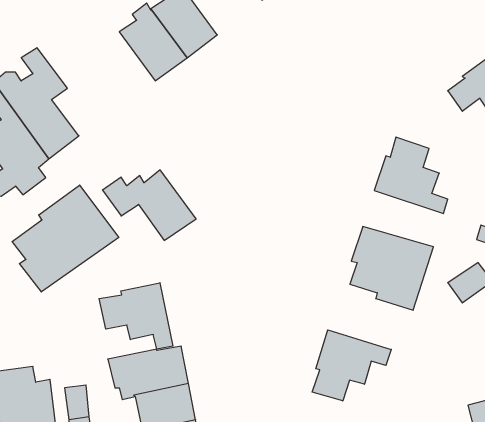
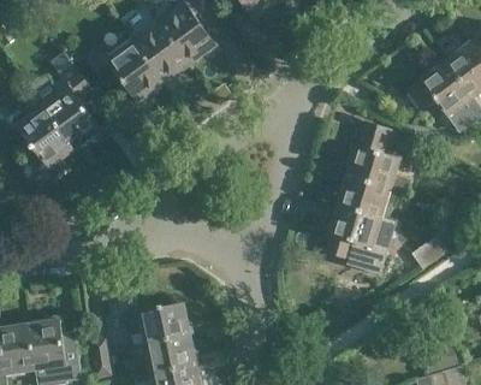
building: [102,170,196,240] -> [87,41,165,100]
building: [12,185,119,292] -> none
building: none -> [338,173,405,217]
building: [99,283,173,349] -> none
building: [312,330,391,401] -> none

